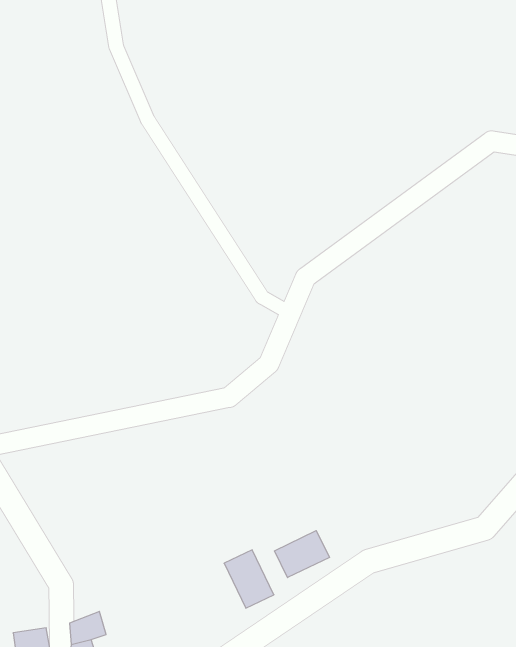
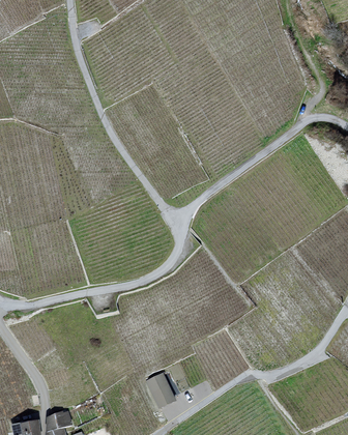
building: [274,531,329,578] -> none

